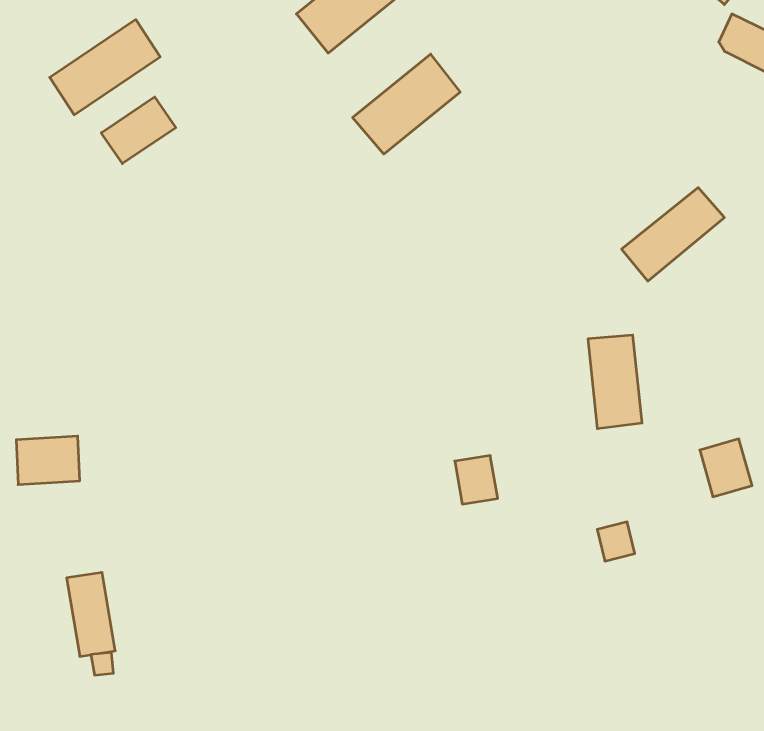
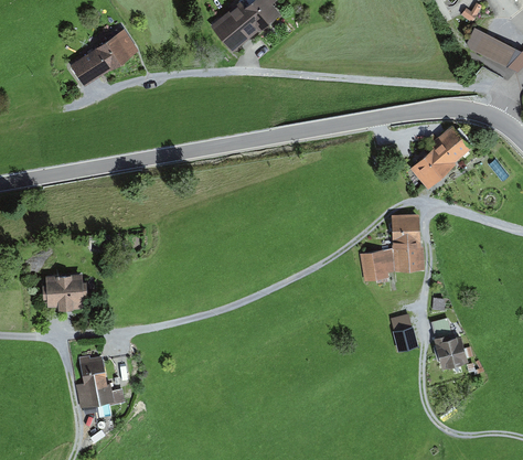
building: [353,54,460,154] -> none
building: [101,97,176,164] -> none
building: [700,439,752,497] -> [434,333,465,367]
building: [455,456,498,504] -> [362,252,387,280]

